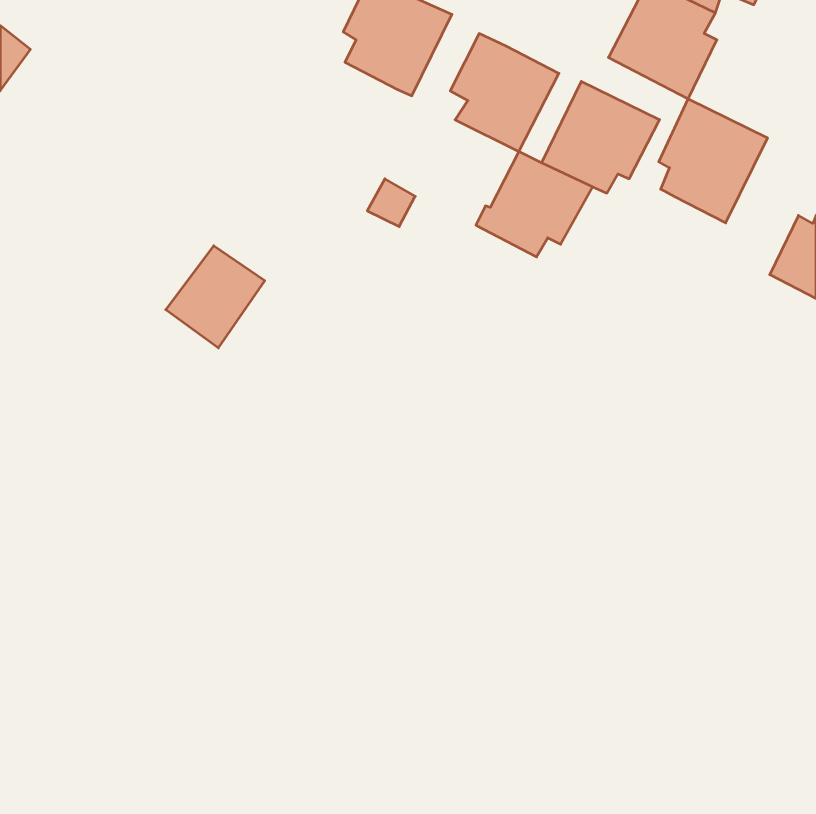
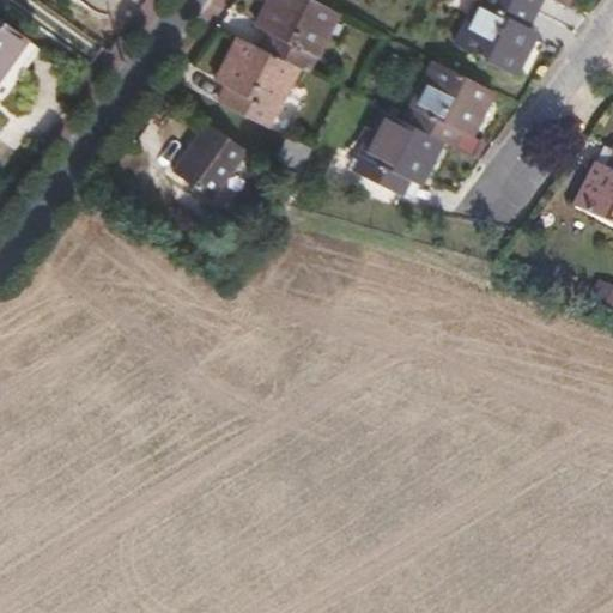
building: [450,34,559,152] -> [217,37,298,126]
building: [659,99,767,223] -> none
building: [166,246,265,348] -> [170,123,244,200]

